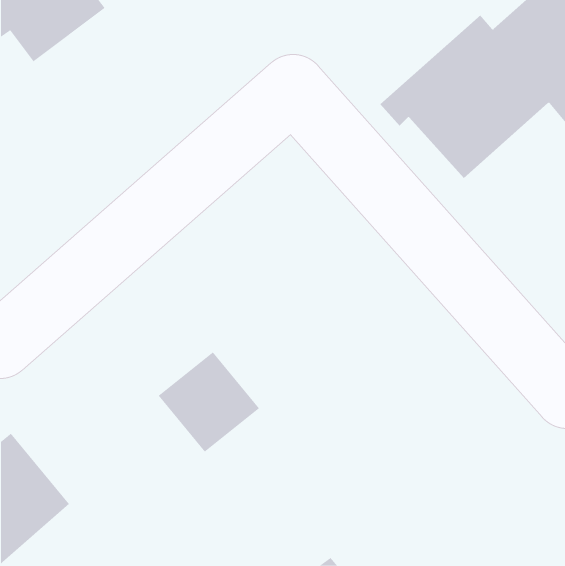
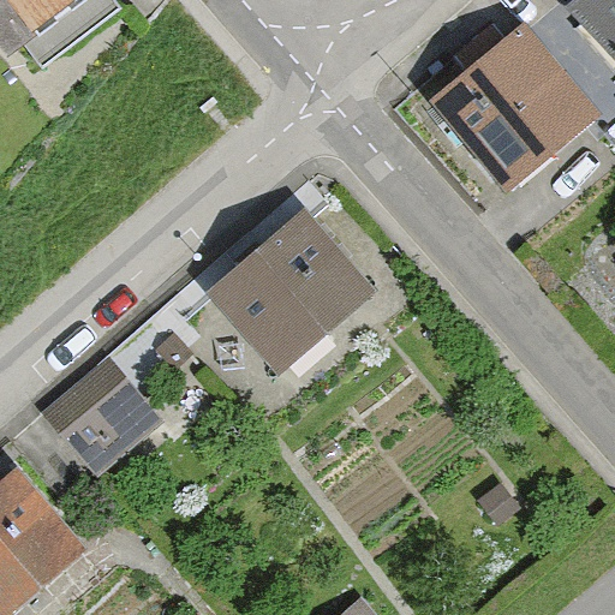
building: none -> [207,209,371,370]
building: [158,352,260,453] -> [49,364,160,473]

